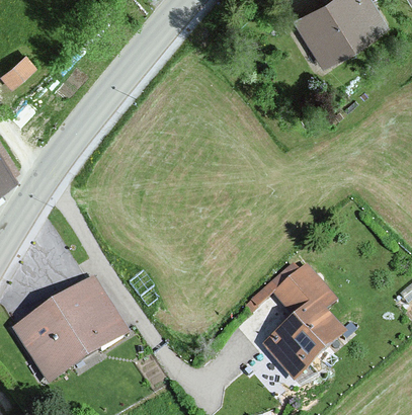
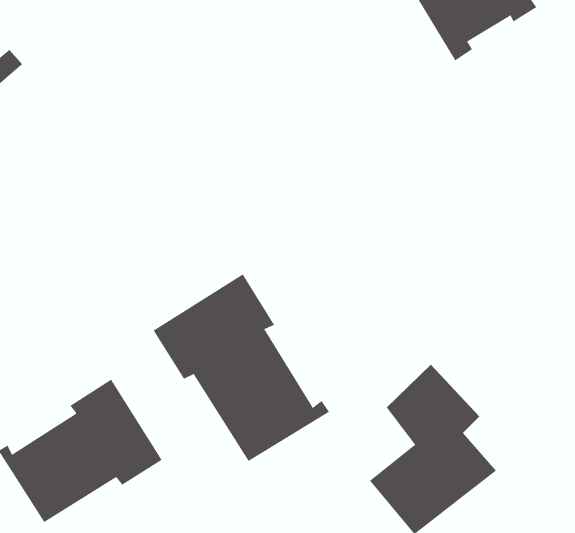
building: none -> [153,273,330,462]

